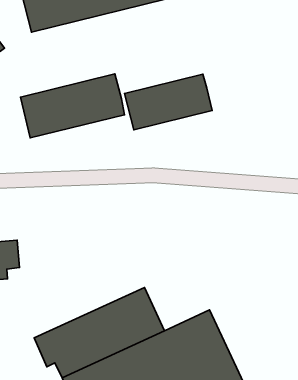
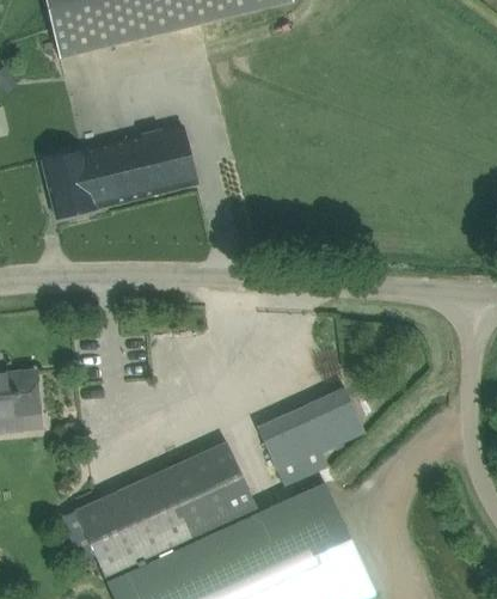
building: [124,74,212,130] -> none
building: none -> [257,387,366,488]

